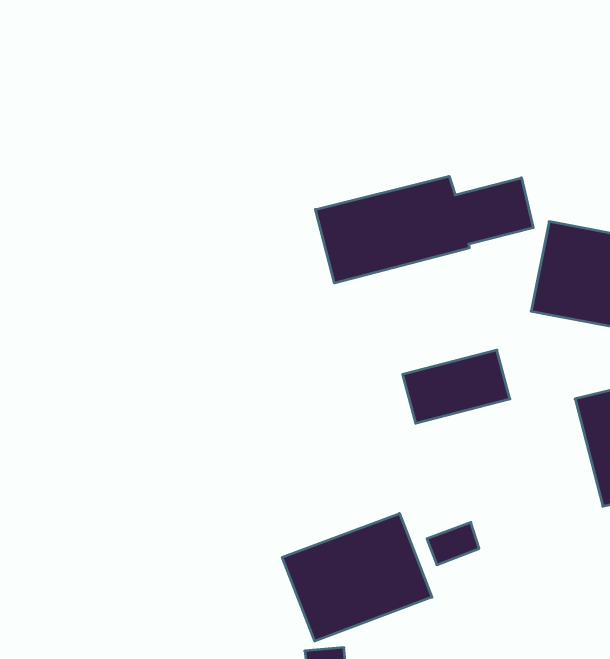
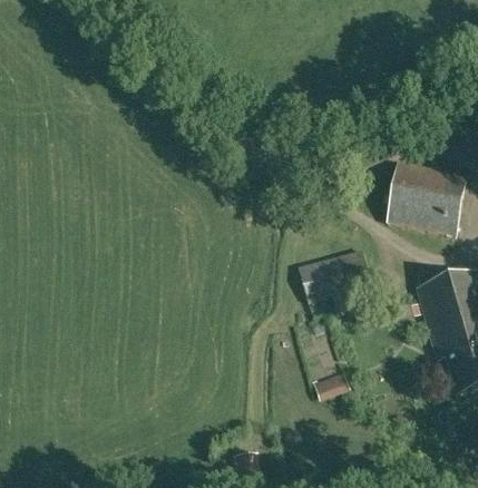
building: [315,176,533,283] -> none
building: [282,513,432,641] -> none

